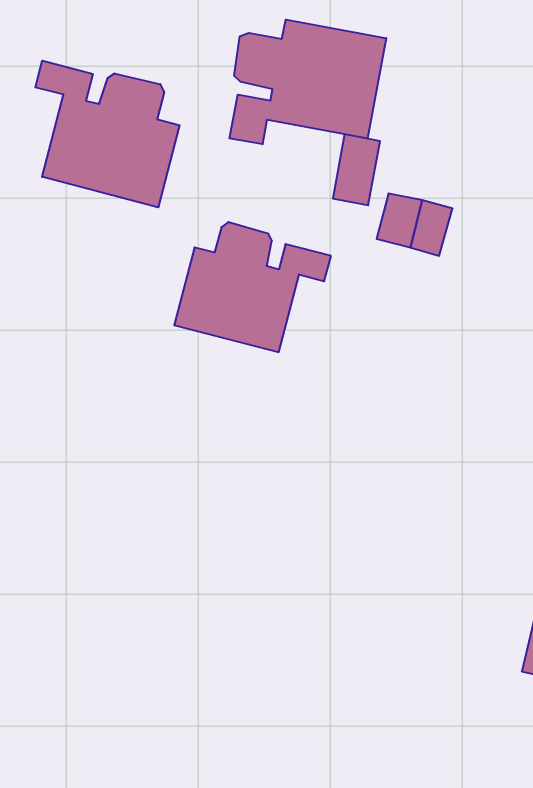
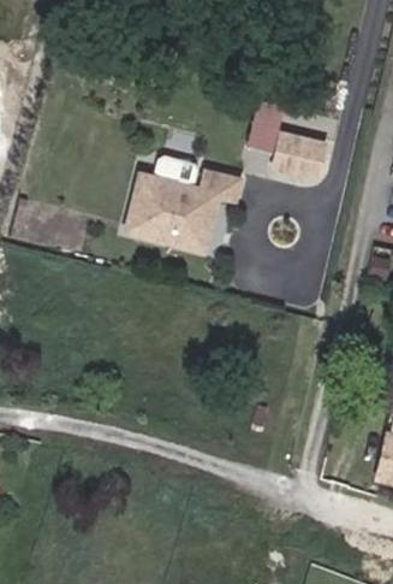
building: [230,20,386,144] -> none
building: [35,61,180,207] -> none

